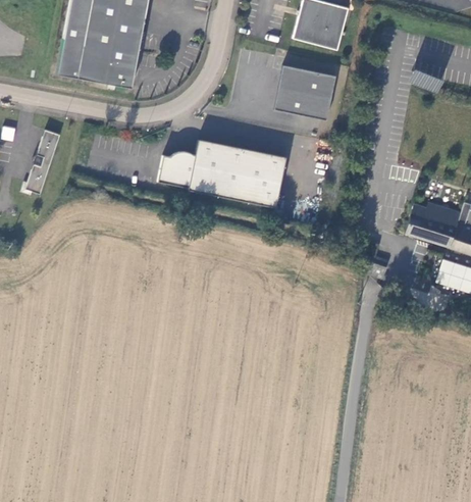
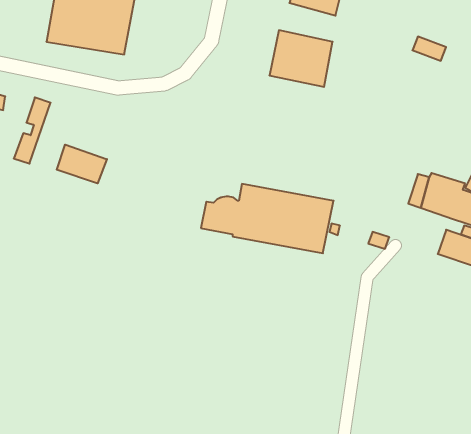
building: [159,139,287,206] -> [201,184,334,253]
building: none -> [57,145,107,183]

